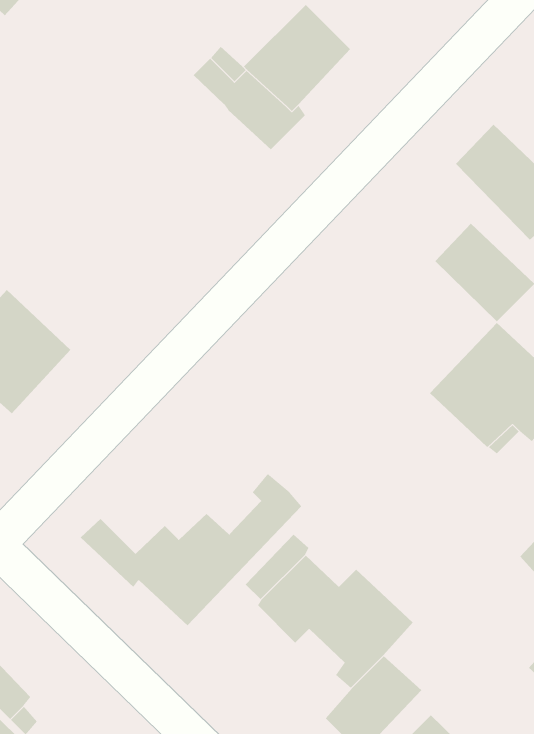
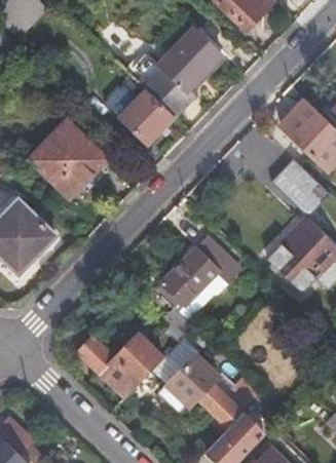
building: none -> [119,89,173,144]
building: none -> [33,119,109,194]
building: none -> [153,238,235,318]

